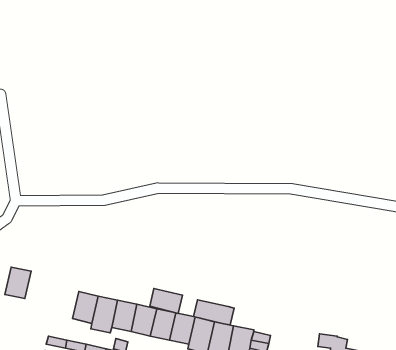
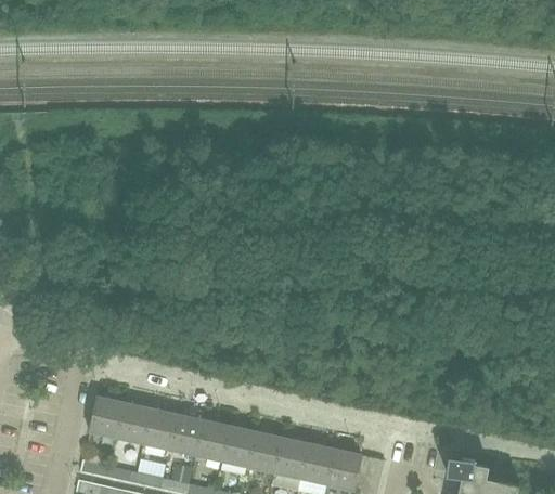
building: [5,267,31,298] -> [88,395,124,438]
building: [150,288,182,313] -> none
building: [194,300,234,325] -> none

